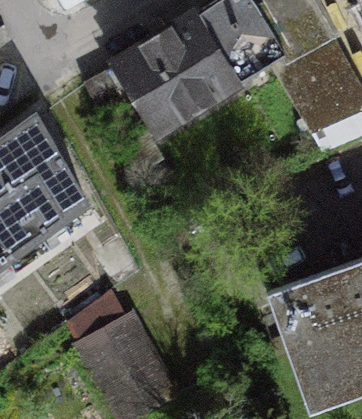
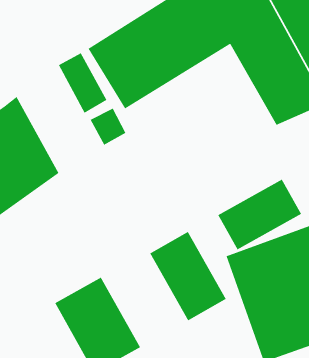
building: none -> [217,178,302,250]
building: none -> [149,231,227,322]

